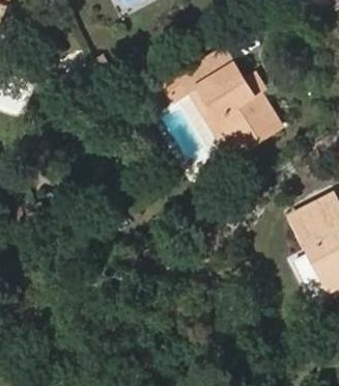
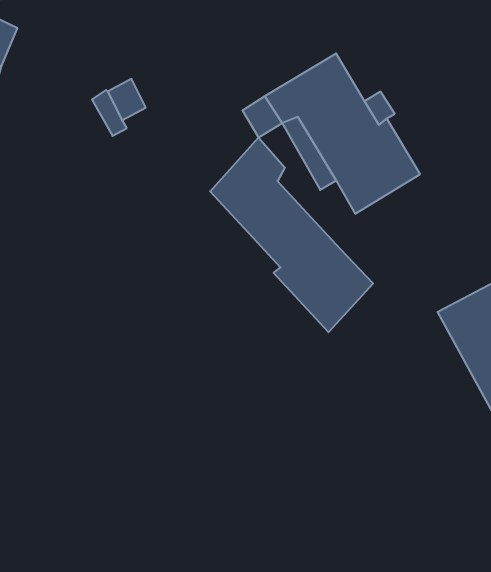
building: none -> [210,138,373,332]

